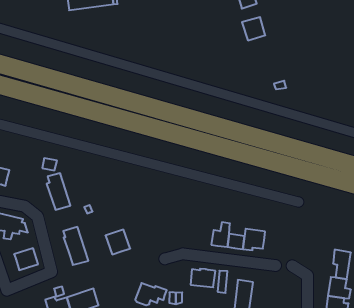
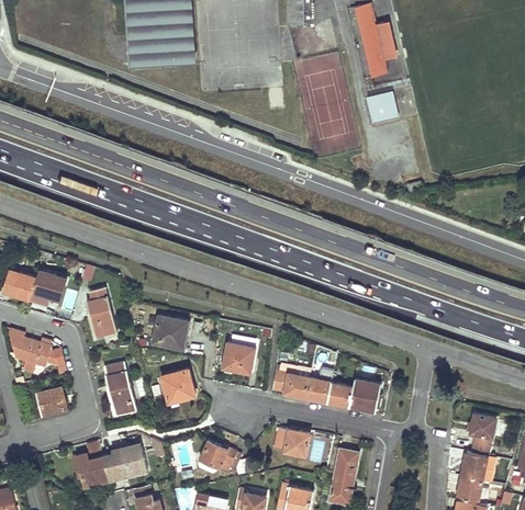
building: none -> [32,271,67,301]
building: none -> [152,316,188,349]
building: none -> [222,343,254,374]
building: none -> [272,372,310,398]

